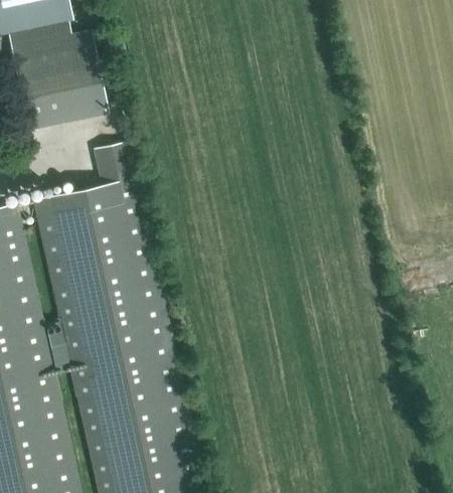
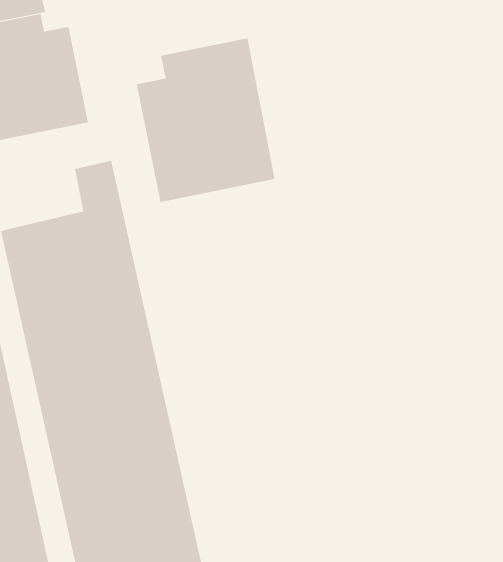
building: none -> [136,37,275,203]
building: [43,321,71,374] -> none

